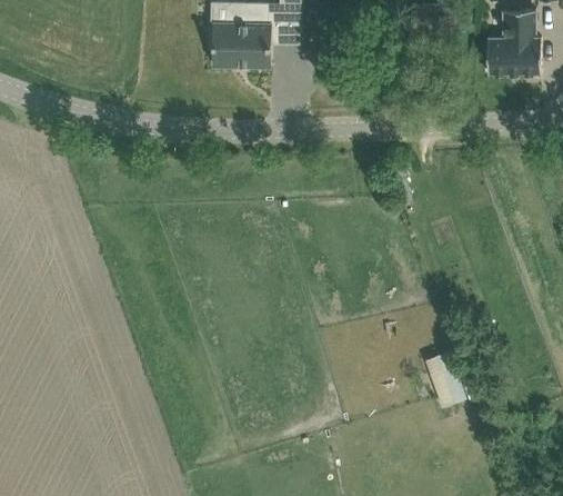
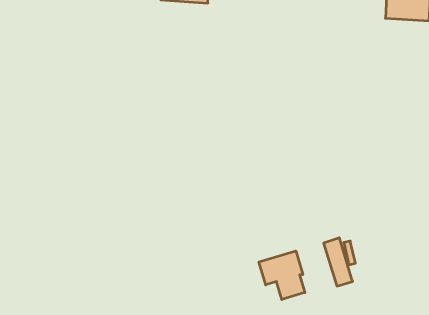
building: none -> [259,251,305,300]

